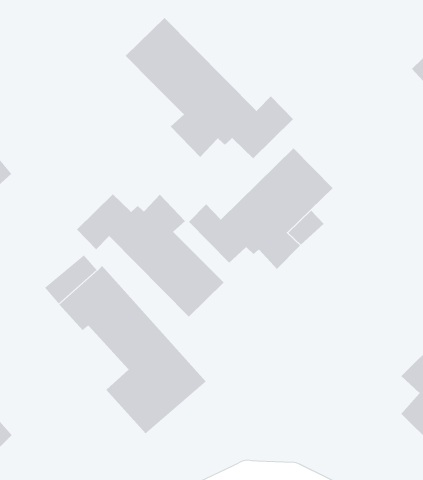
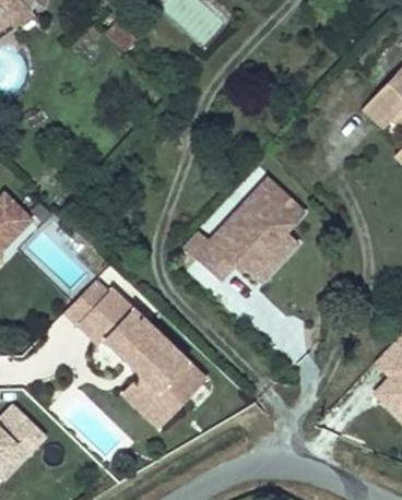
building: [125,17,294,159] -> none
building: [76,193,224,318] -> none

